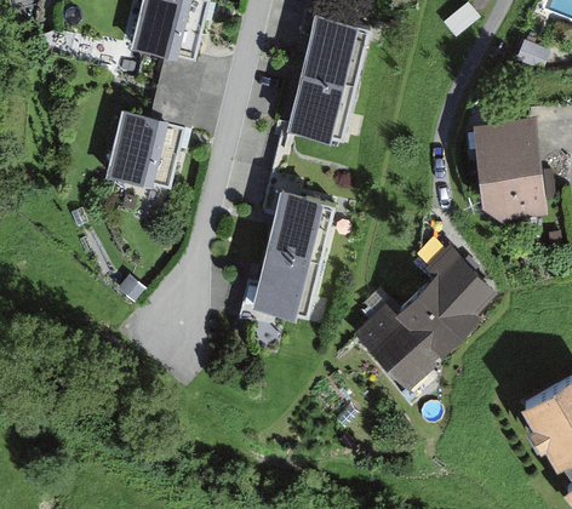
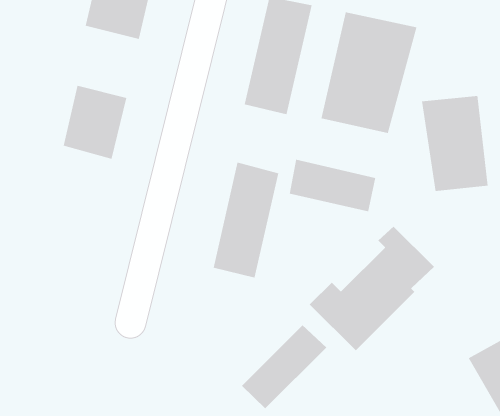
building: none -> [321,11,417,134]
building: none -> [289,159,376,212]
building: none -> [241,325,327,409]

